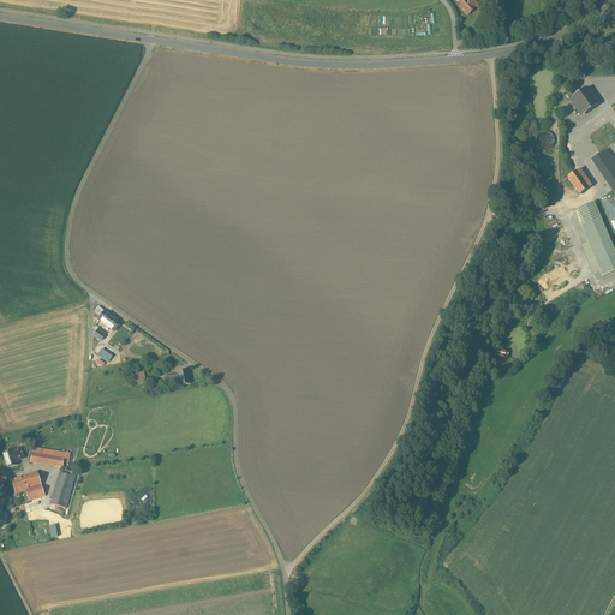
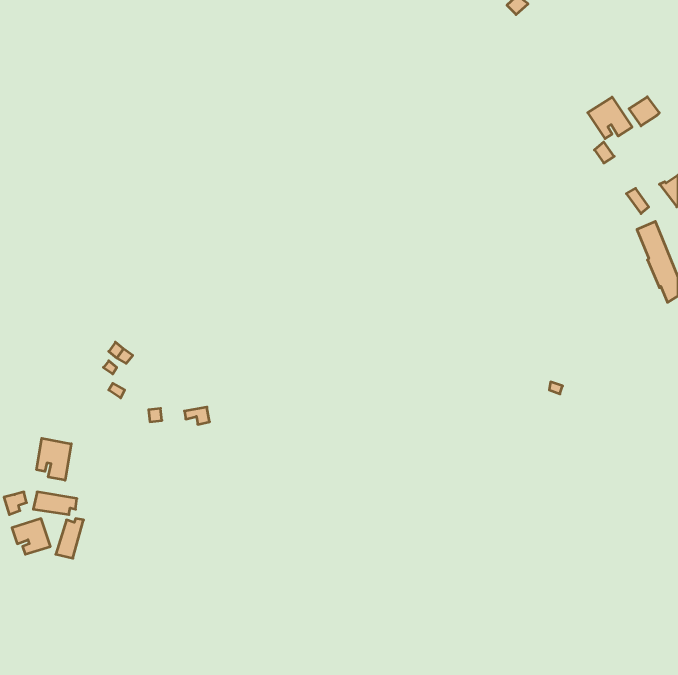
building: none -> [588,97,632,139]
building: none -> [37,438,71,480]

